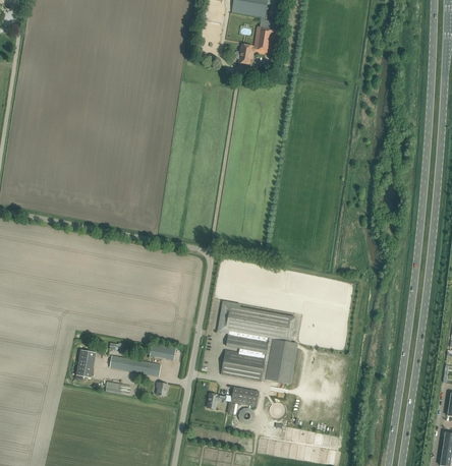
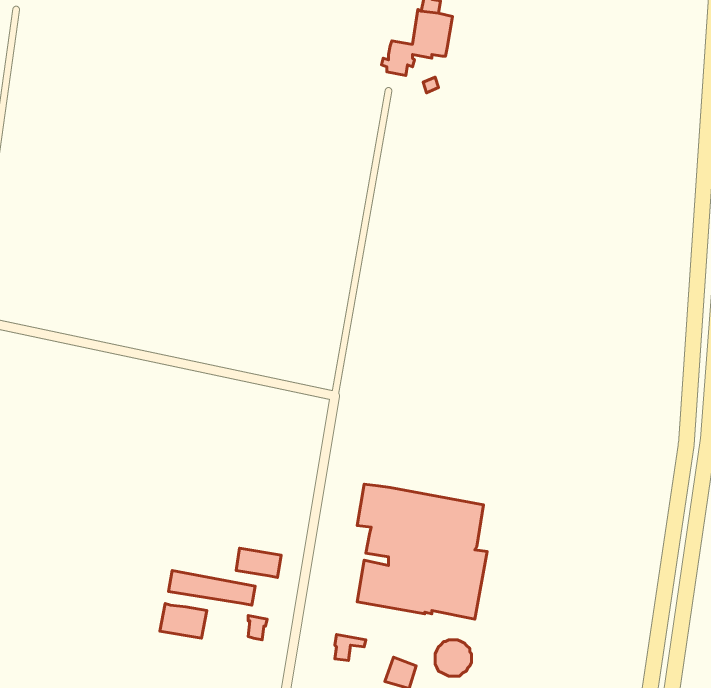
building: [76,349,96,377] -> none
building: [231,387,259,406] -> none

